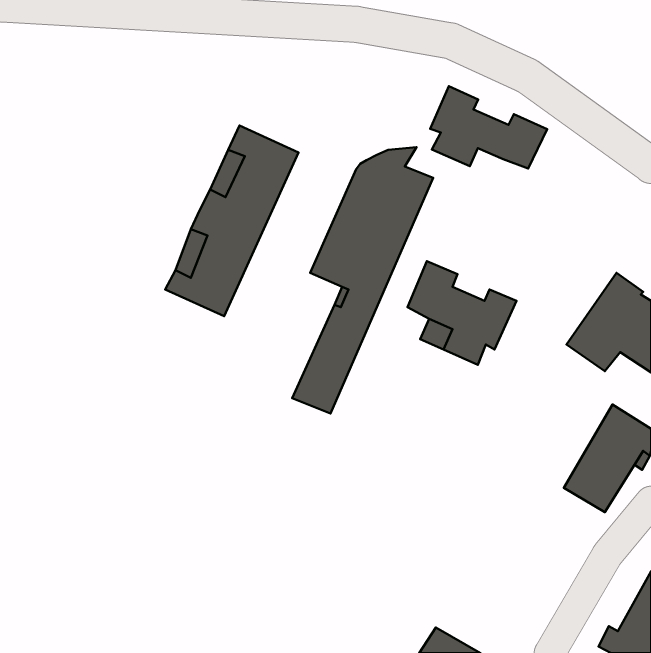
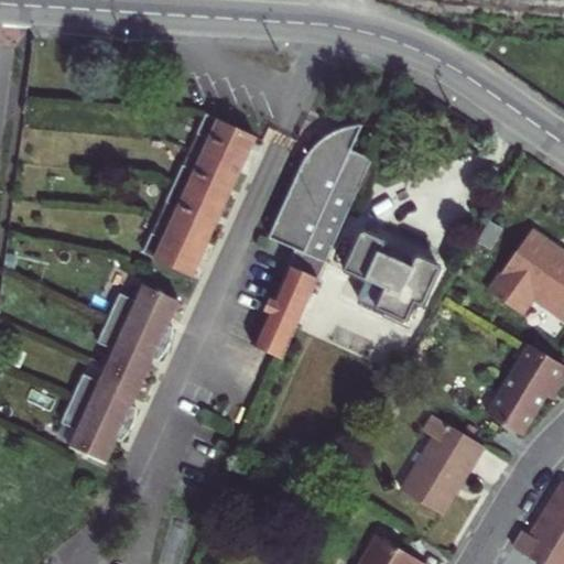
building: [430,86,547,169] -> none
building: none -> [63,279,182,458]
building: none -> [400,420,481,520]

